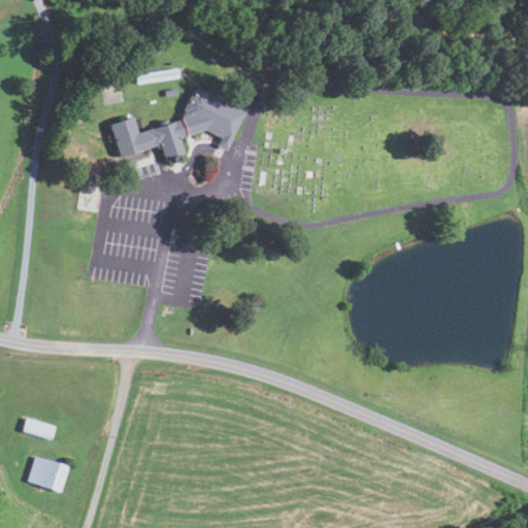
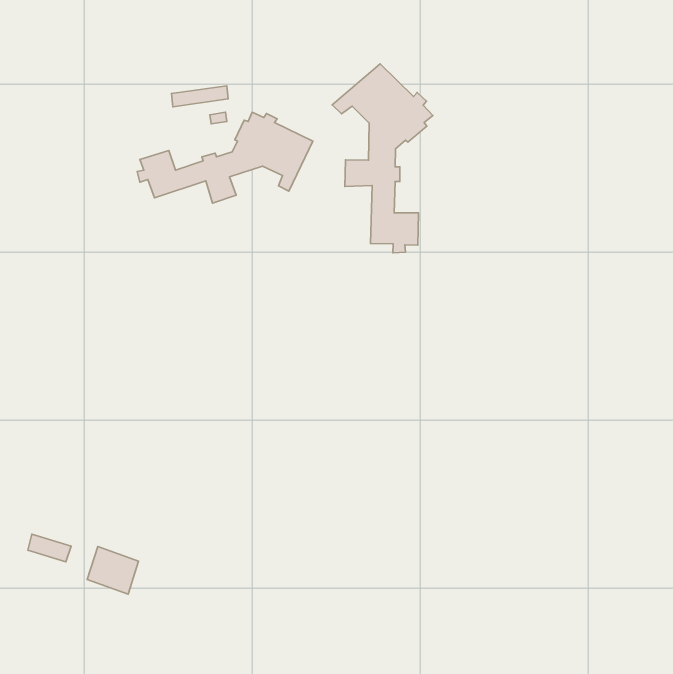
building: none -> [332,64,433,253]
building: [28,455,68,492] -> [87,547,139,594]

